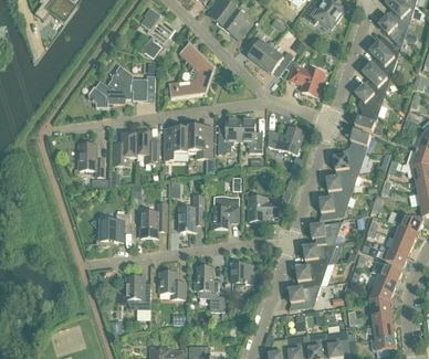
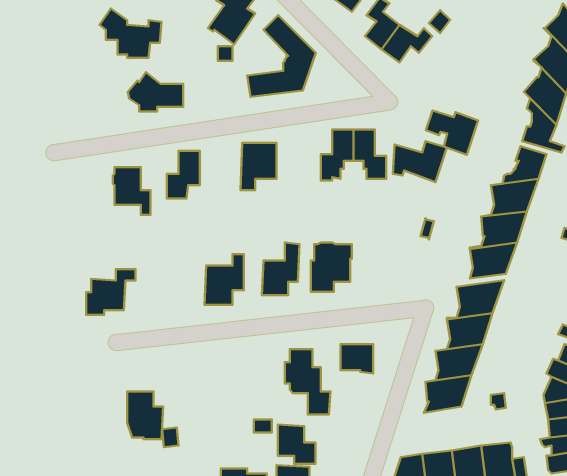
building: [289,65,324,95] -> [426,111,478,155]
building: [113,66,155,99] -> [99,9,162,58]
building: [188,125,211,158] -> none
building: [136,130,158,162] -> none
building: [248,194,276,220] -> none
building: [96,212,129,243] -> [86,269,135,315]
building: [159,271,185,297] -> [278,425,315,464]
building: [126,276,150,308] -> [127,392,163,439]

